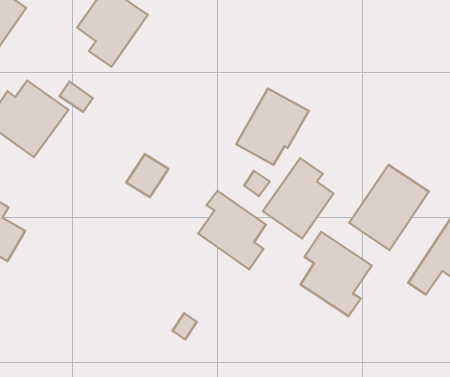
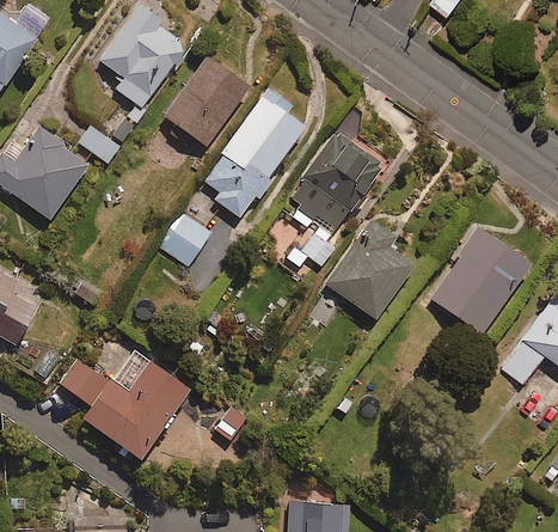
building: none -> [161,54,247,148]
building: none -> [203,87,302,218]
building: [198,191,266,269] -> none
building: [301,232,372,316] -> none
building: none -> [66,340,190,459]

